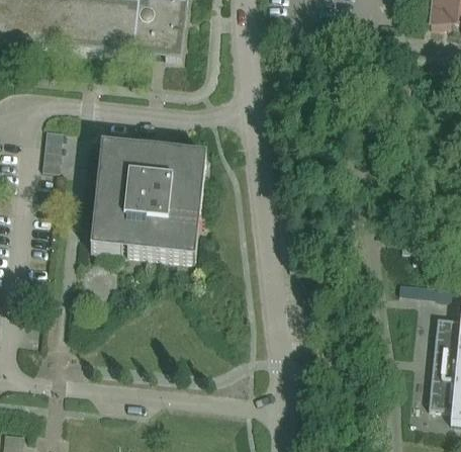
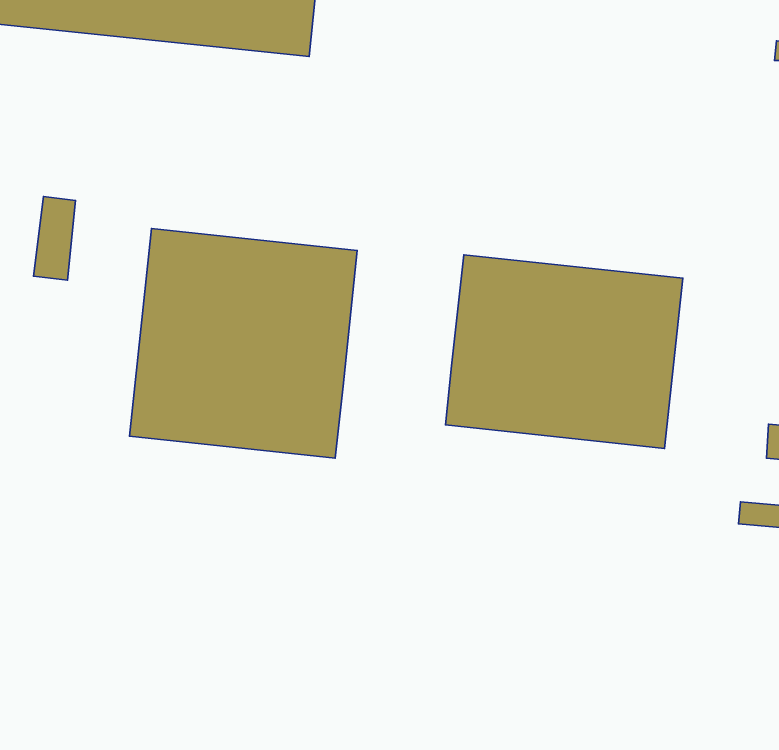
building: none -> [445,255,683,448]

